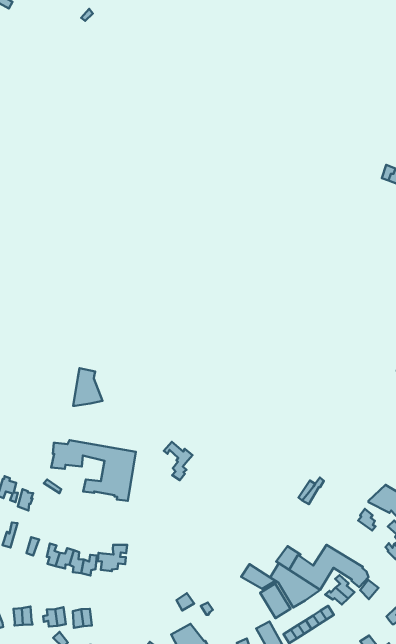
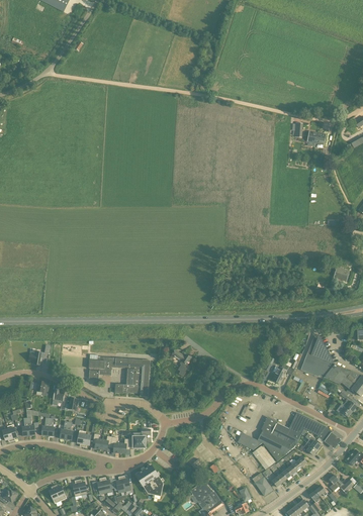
building: [73,368,103,406] -> none
building: none -> [299,334,334,377]
building: none -> [135,465,163,496]

